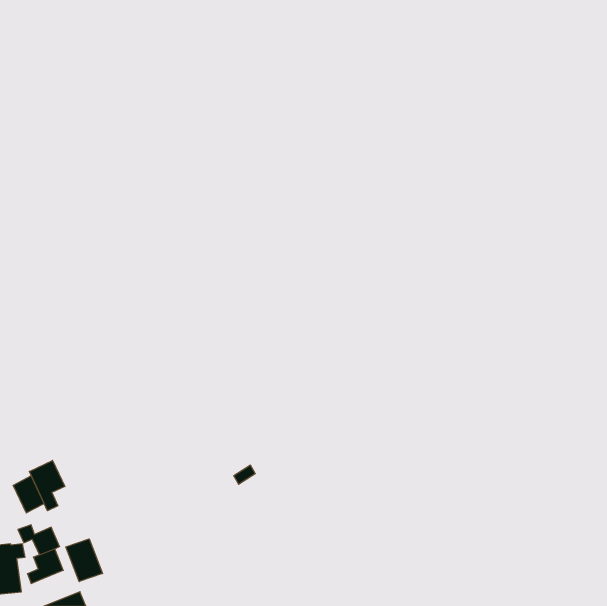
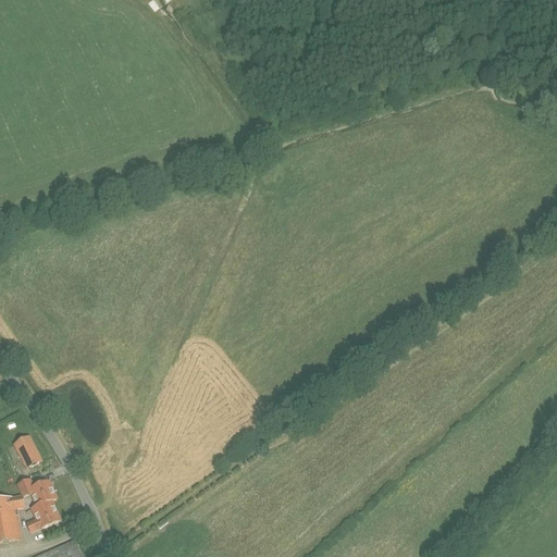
building: [29,460,65,511] -> none
building: [66,539,103,582] -> none

